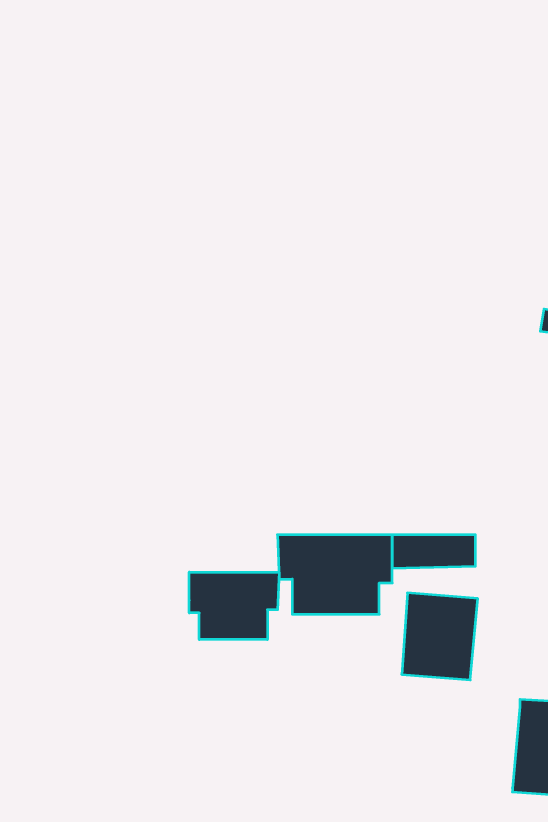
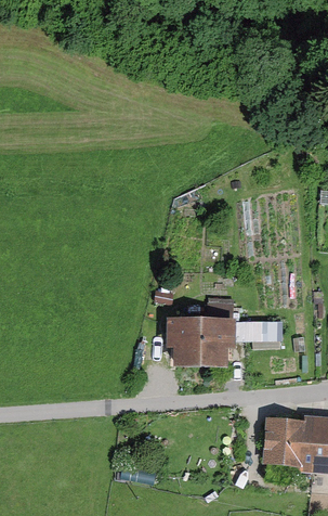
building: [189,572,279,640] -> none
building: [402,593,478,680] -> [264,416,309,467]

